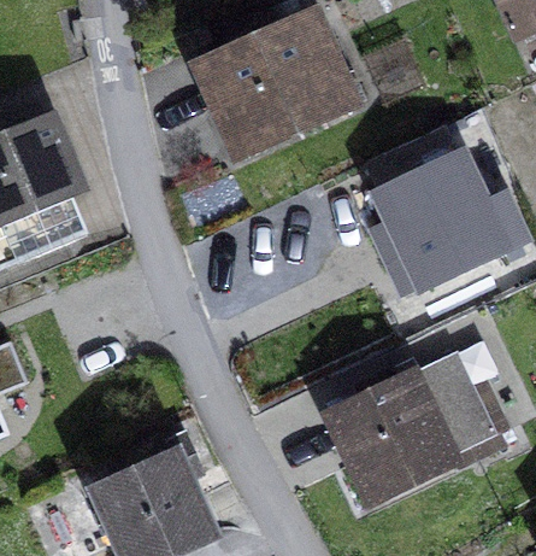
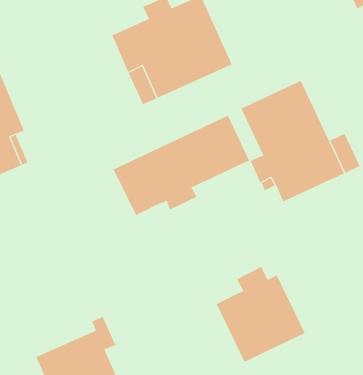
building: none -> [113,115,250,216]
building: [391,353,497,460] -> none

